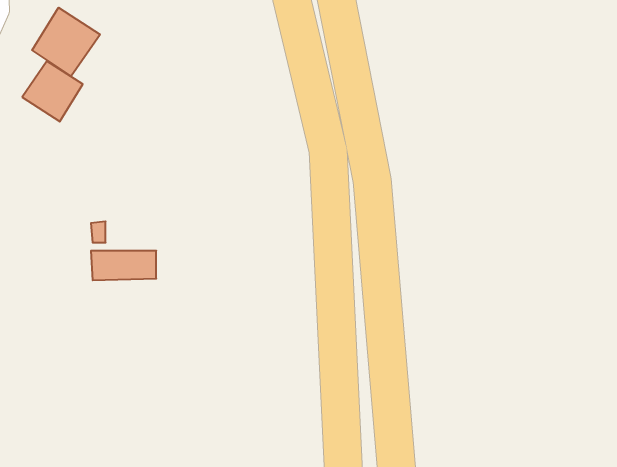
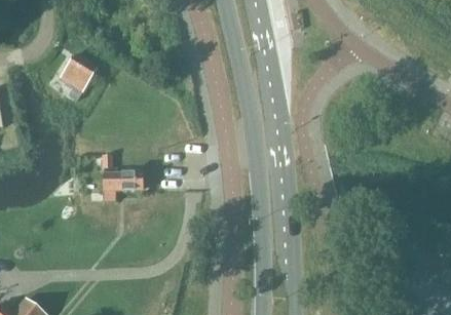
building: [32,8,100,76] -> none

